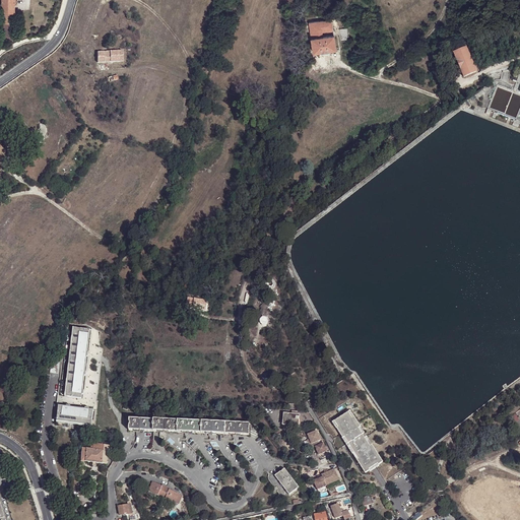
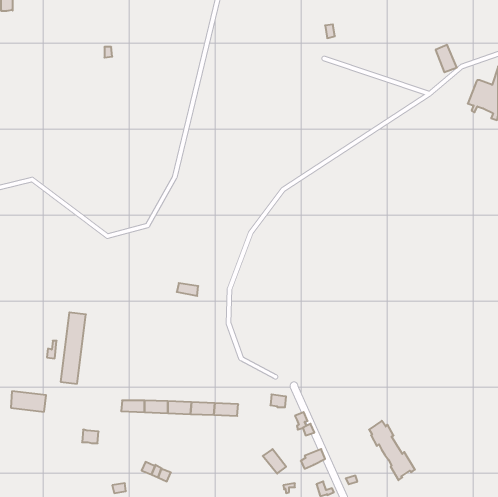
building: [308,18,335,51] -> none
building: [56,404,92,426] -> [11,391,46,412]
building: [333,409,381,471] -> [369,421,415,480]

